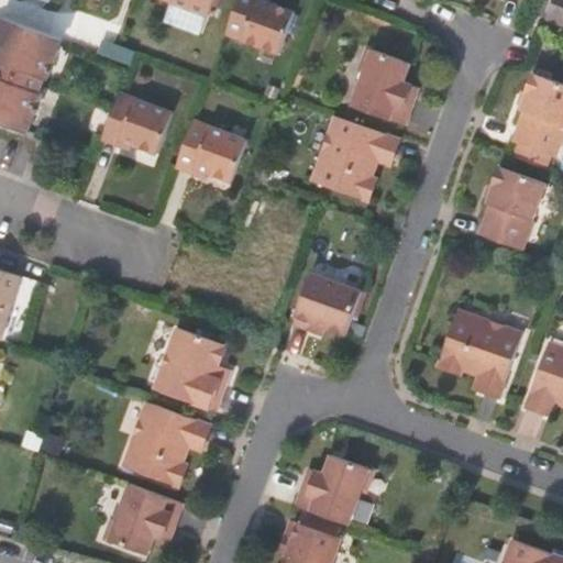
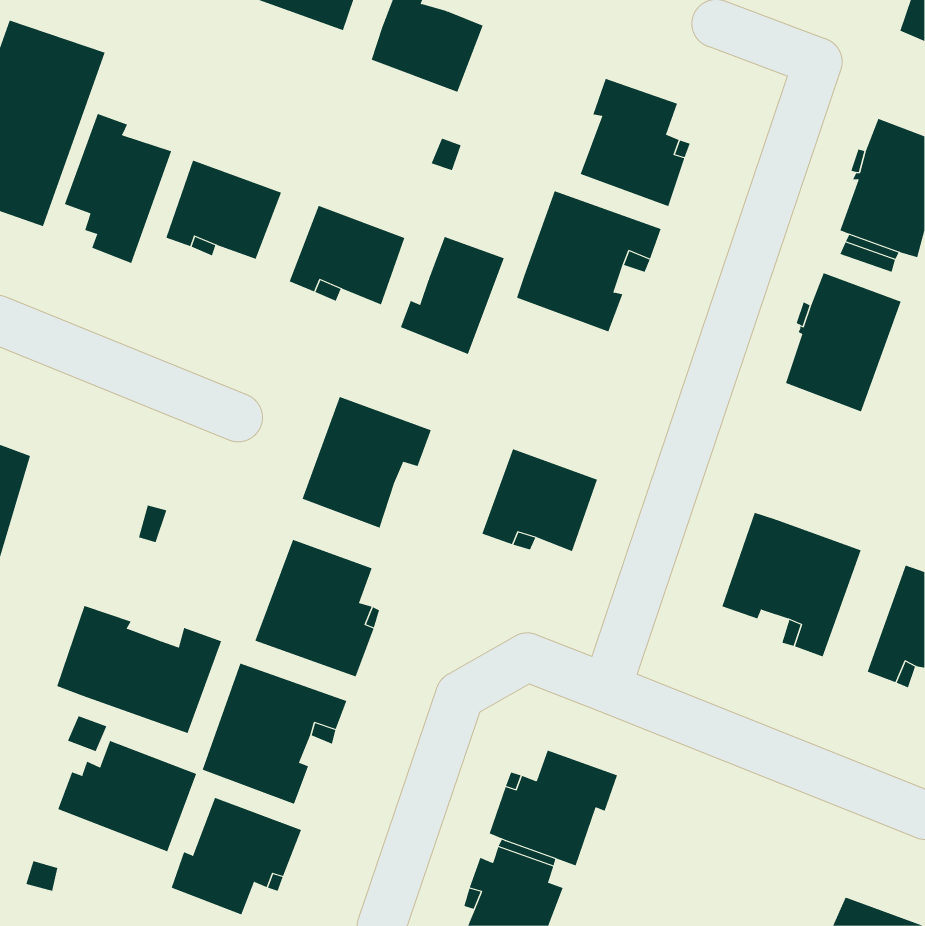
building: none -> [64,113,172,264]
building: none -> [400,236,504,355]
building: none -> [302,396,432,528]
building: none -> [57,605,222,734]
building: none -> [58,740,197,852]

